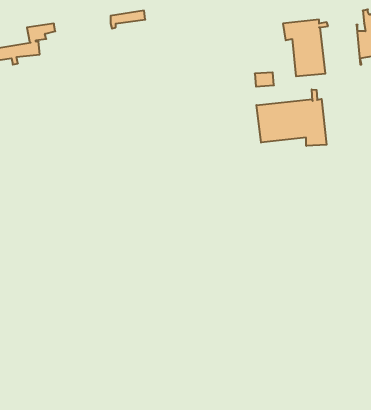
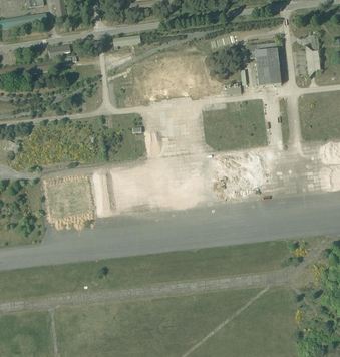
building: [256,89,327,146] -> none

